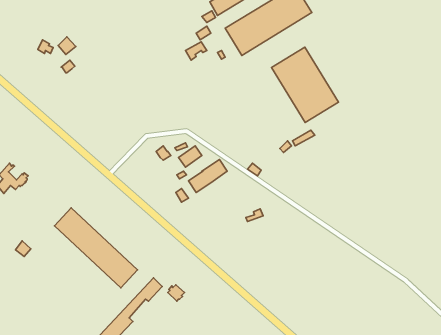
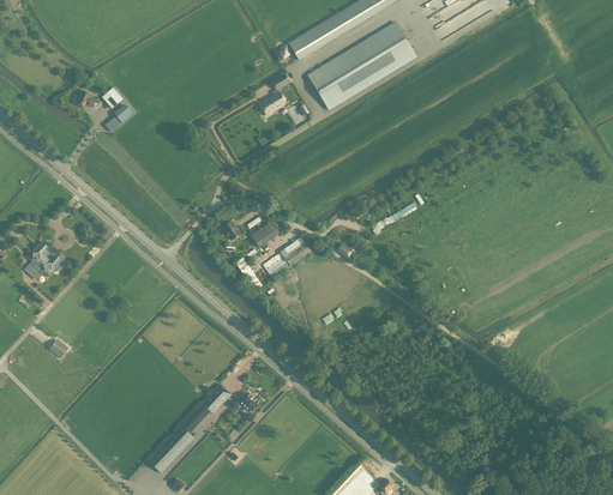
building: [272,47,339,123] -> none
building: [55,208,137,288] -> none

